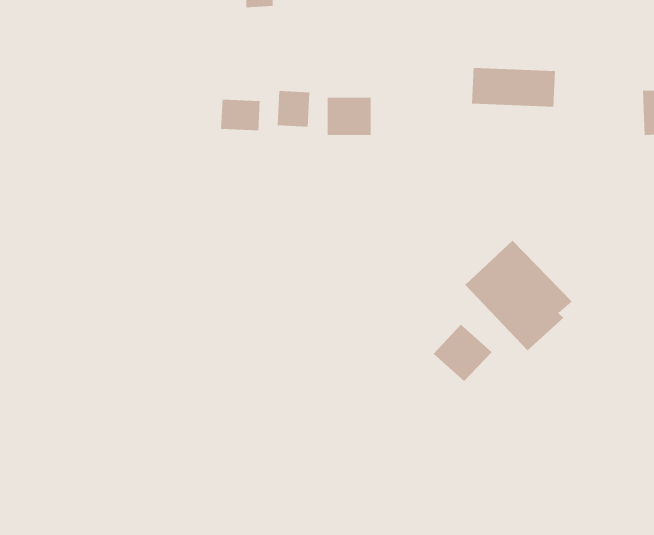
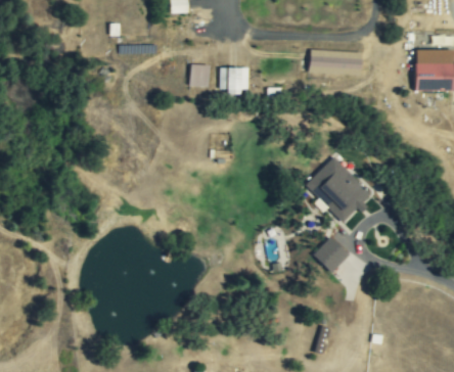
building: [221,99,260,131] -> none
building: [433,324,493,382] -> [313,236,350,272]

